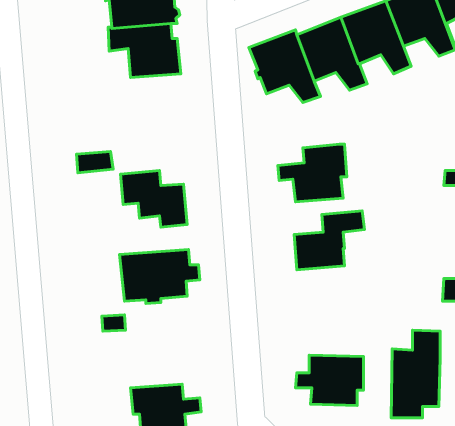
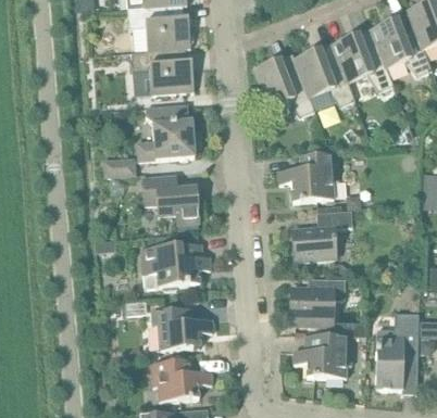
building: none -> [137,104,195,161]
building: none -> [291,282,344,324]
building: none -> [152,307,213,350]

